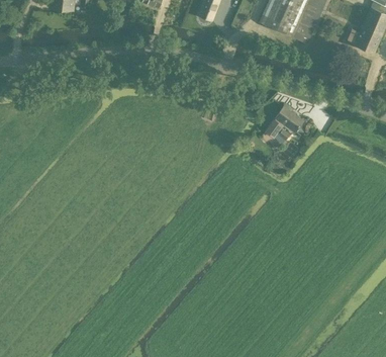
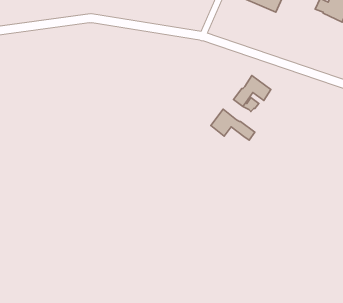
building: none -> [211,109,255,140]

